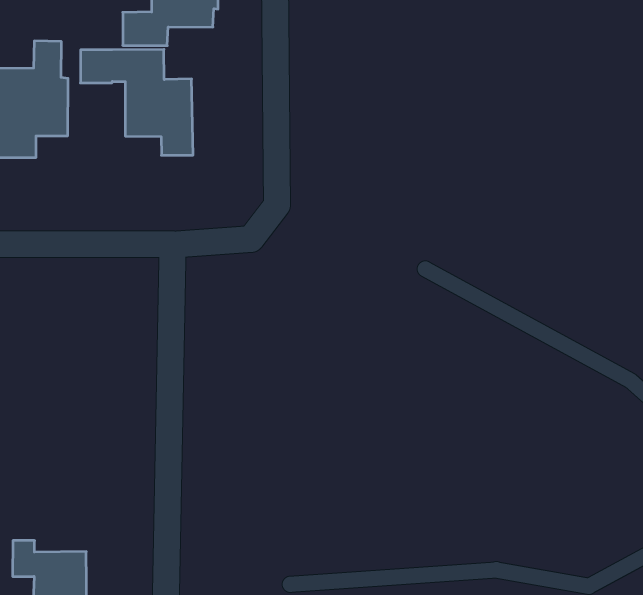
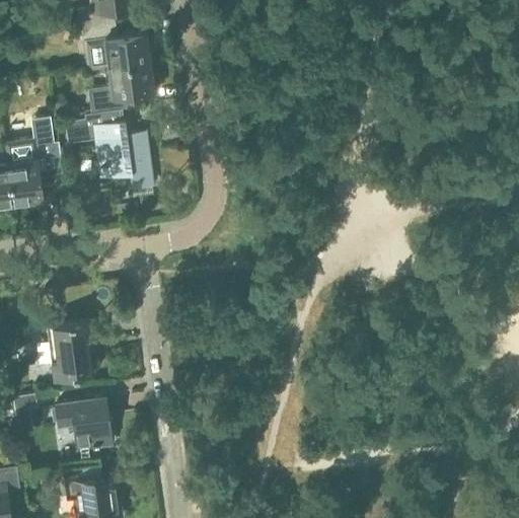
building: none -> [46,320,98,381]
building: none -> [54,394,119,453]

